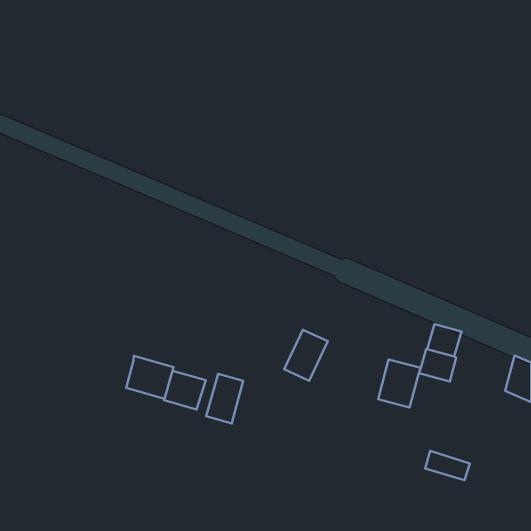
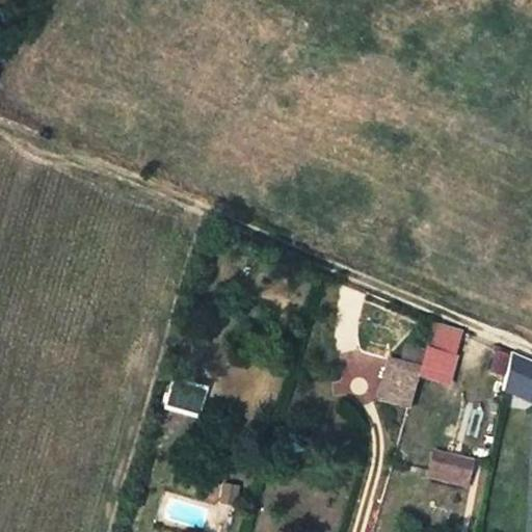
building: [284,330,328,381] -> [337,350,380,401]
building: [126,356,174,399] -> none
building: [206,374,243,424] -> none

